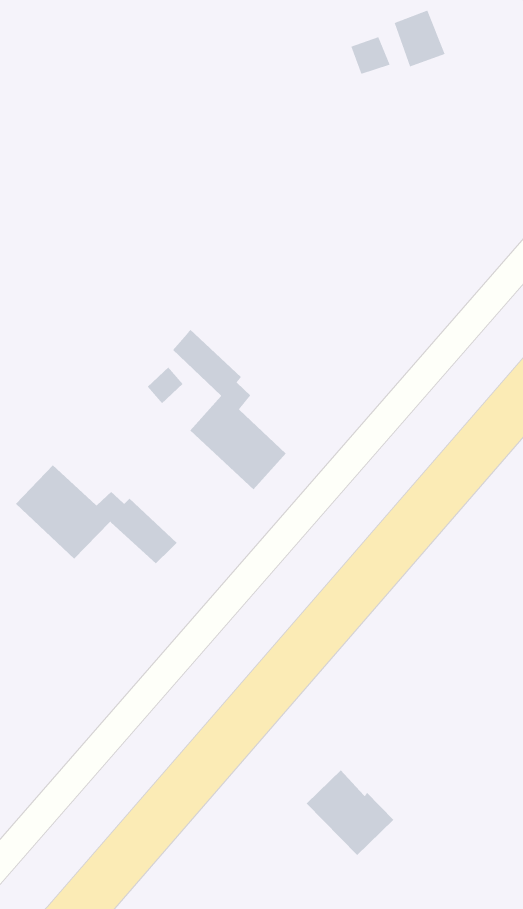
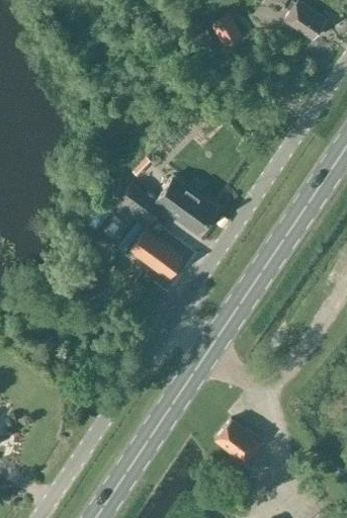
building: none -> [123,180,216,236]
building: [15,464,178,564] -> none

